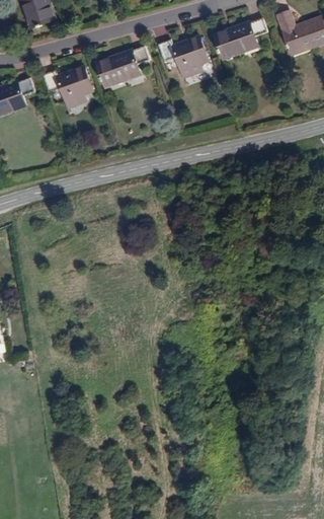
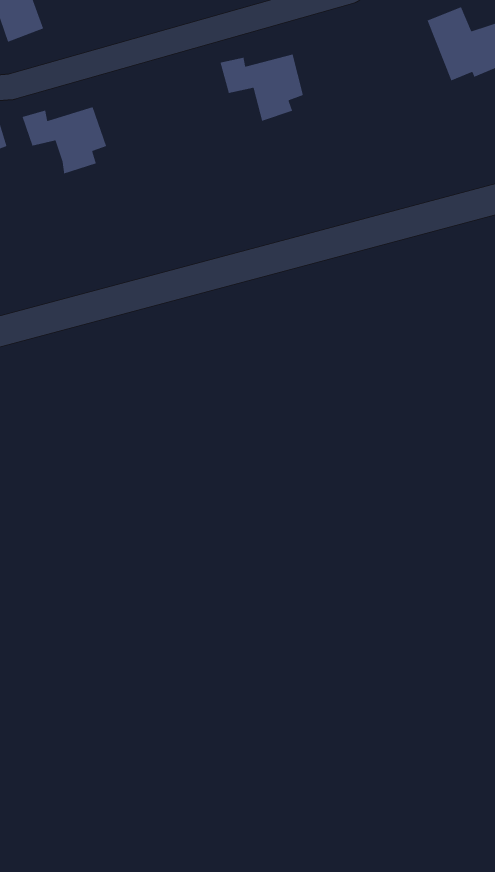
building: [216,21,268,59] -> none
building: [98,51,151,85] -> none

